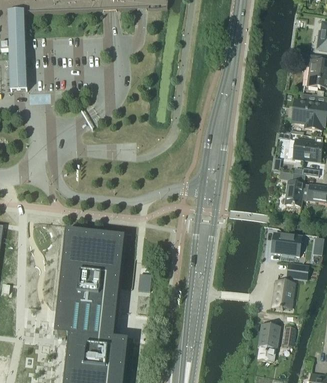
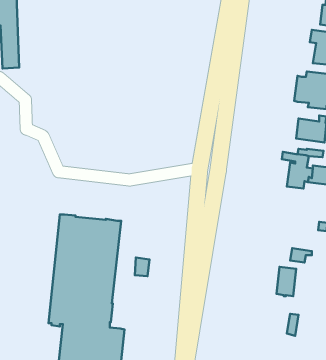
building: [272,231,301,254] -> none
building: [257,321,279,359] -> none

